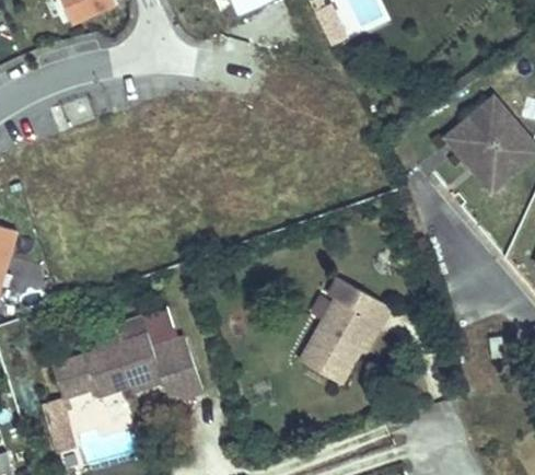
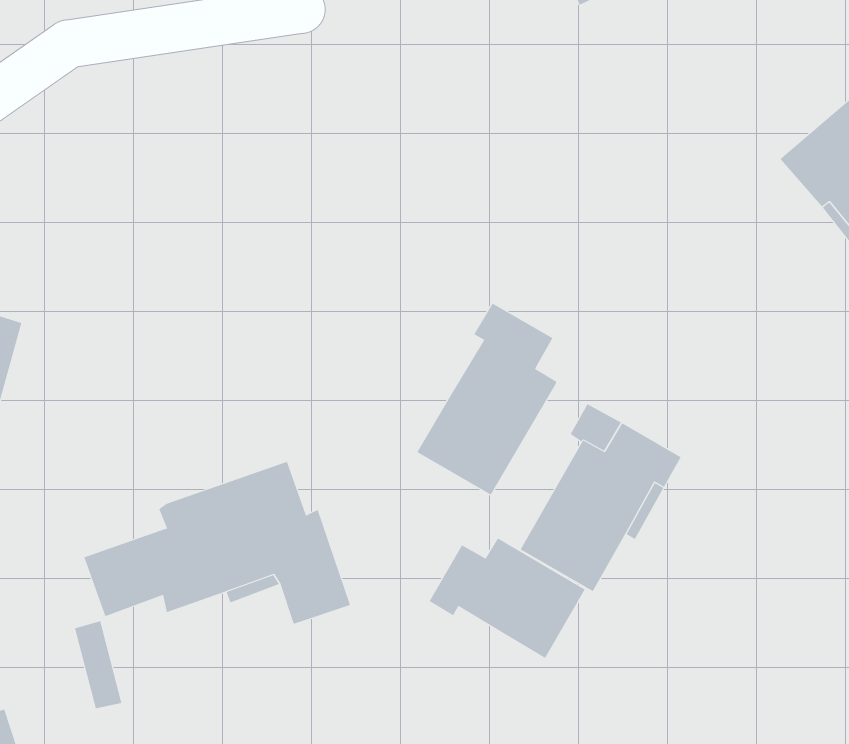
building: none -> [417,303,557,495]
building: none -> [429,538,586,659]

